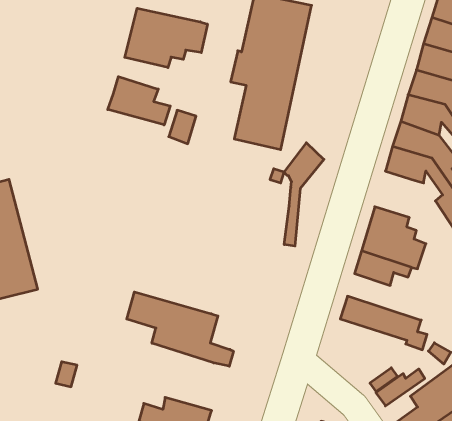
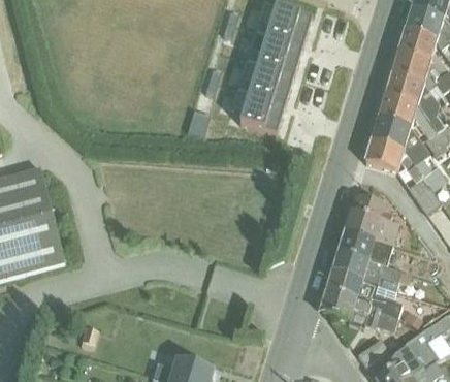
building: [125,8,207,68] -> none
building: [108,77,170,125] -> none
building: [284,143,324,246] -> none
building: none -> [332,250,411,290]
building: [127,292,233,366] -> none
building: none -> [321,289,397,330]

